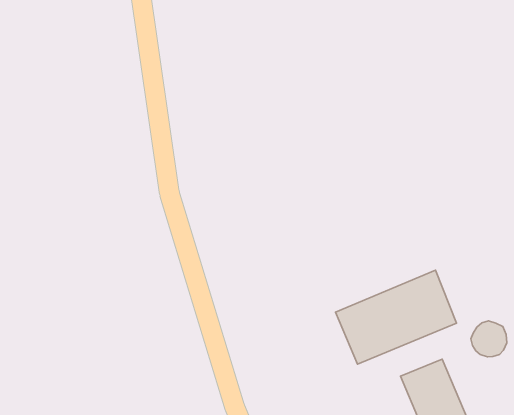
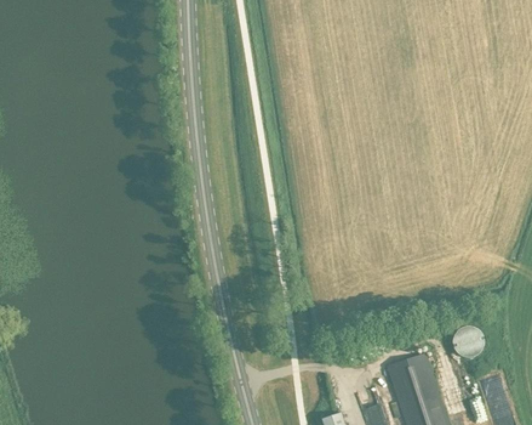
building: [335,270,457,364] -> none

